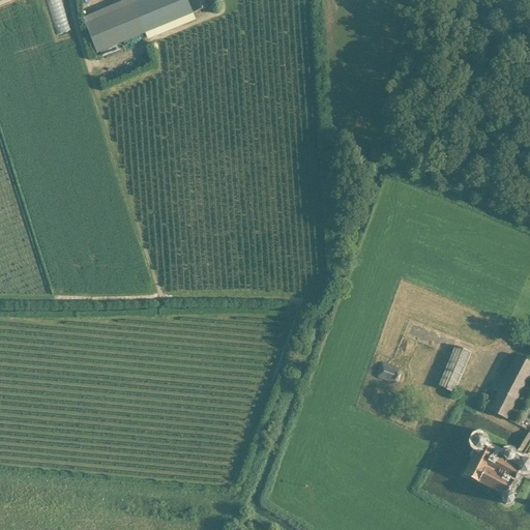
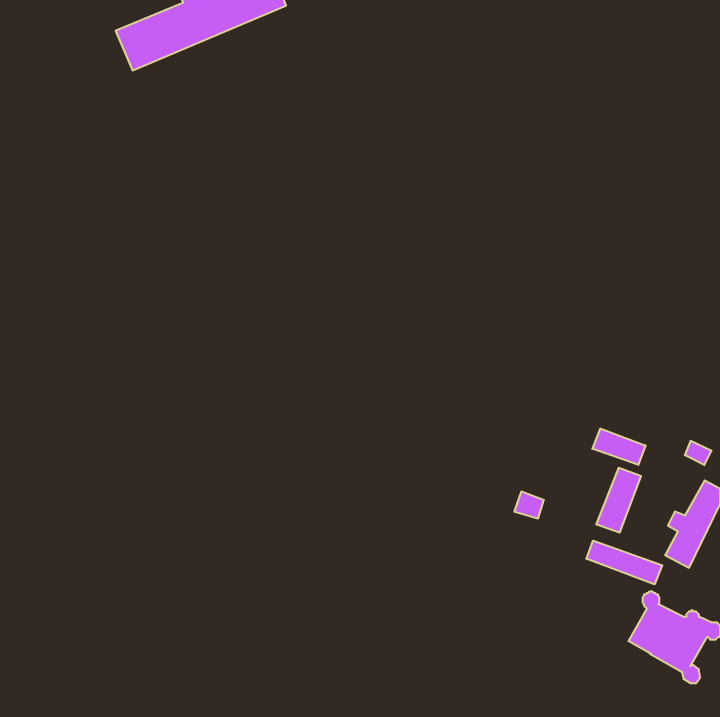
building: none -> [592,429,646,465]
building: none -> [586,541,662,584]

